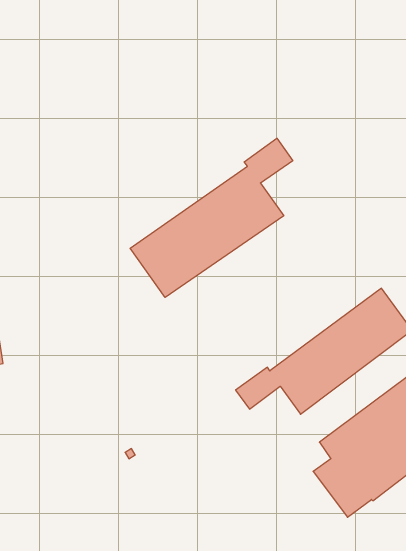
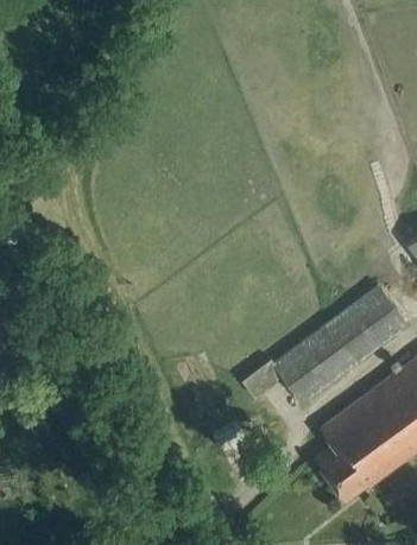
building: [130,138,293,297] -> none

